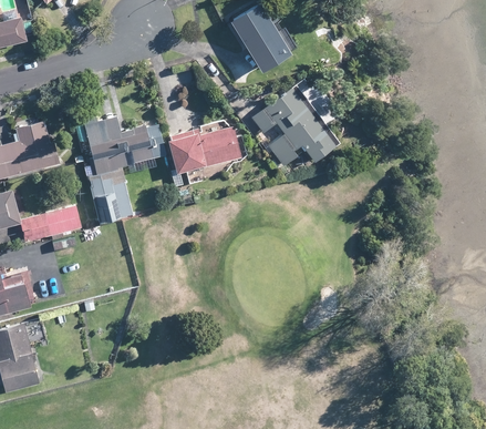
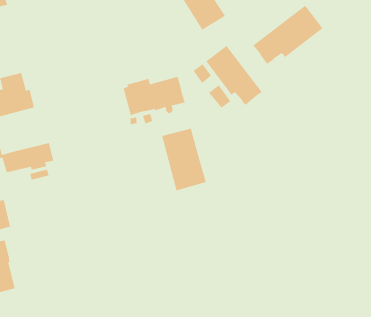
building: none -> [253,5,323,65]
building: [77,119,165,223] -> none
building: none -> [162,128,207,191]

